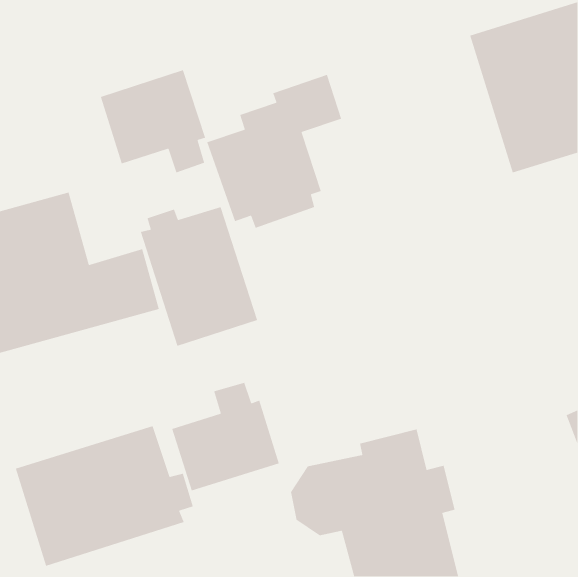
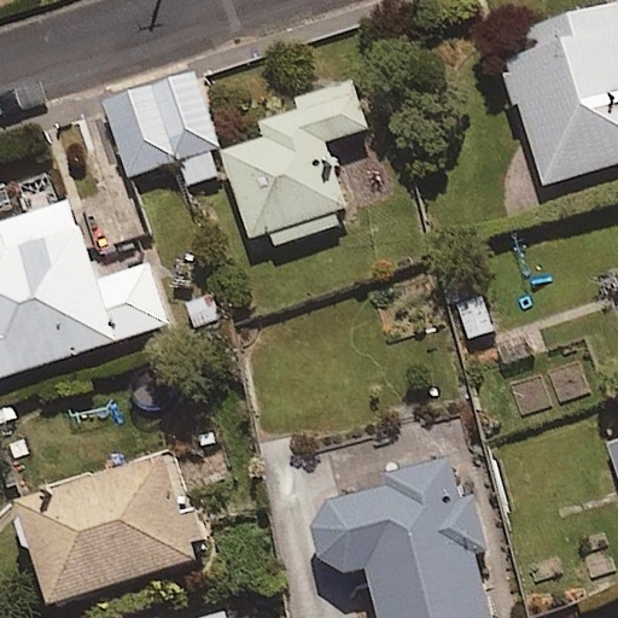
building: [140,206,258,347] -> none
building: [171,382,280,492] -> none

